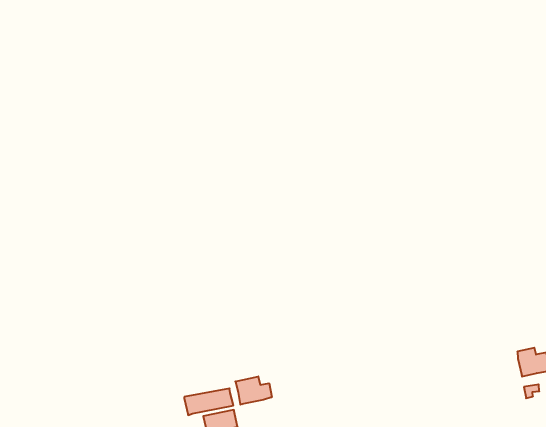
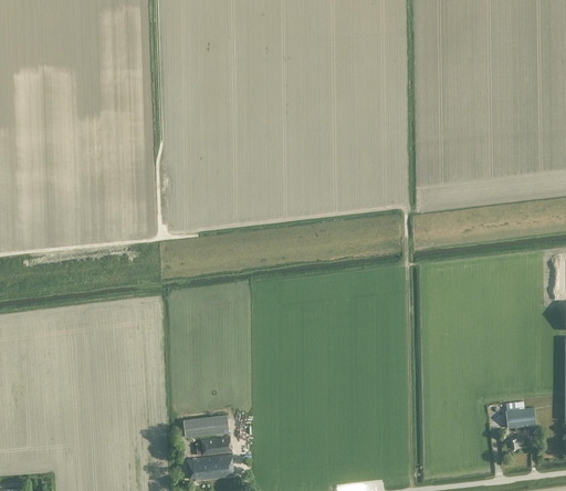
building: [235,376,272,405] -> none

